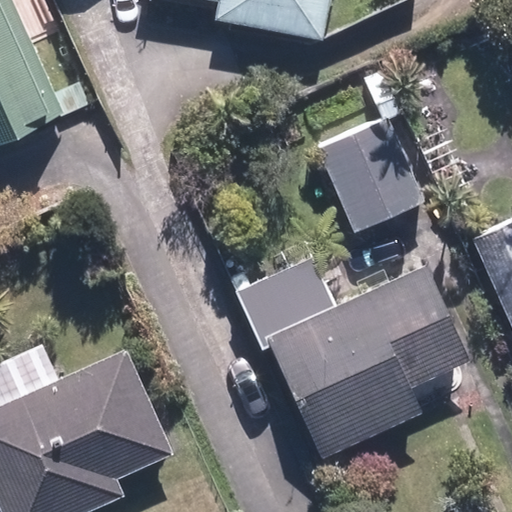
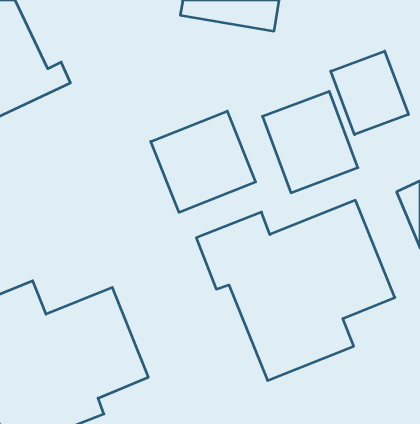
building: none -> [331,51,408,135]
building: none -> [151,111,256,212]

